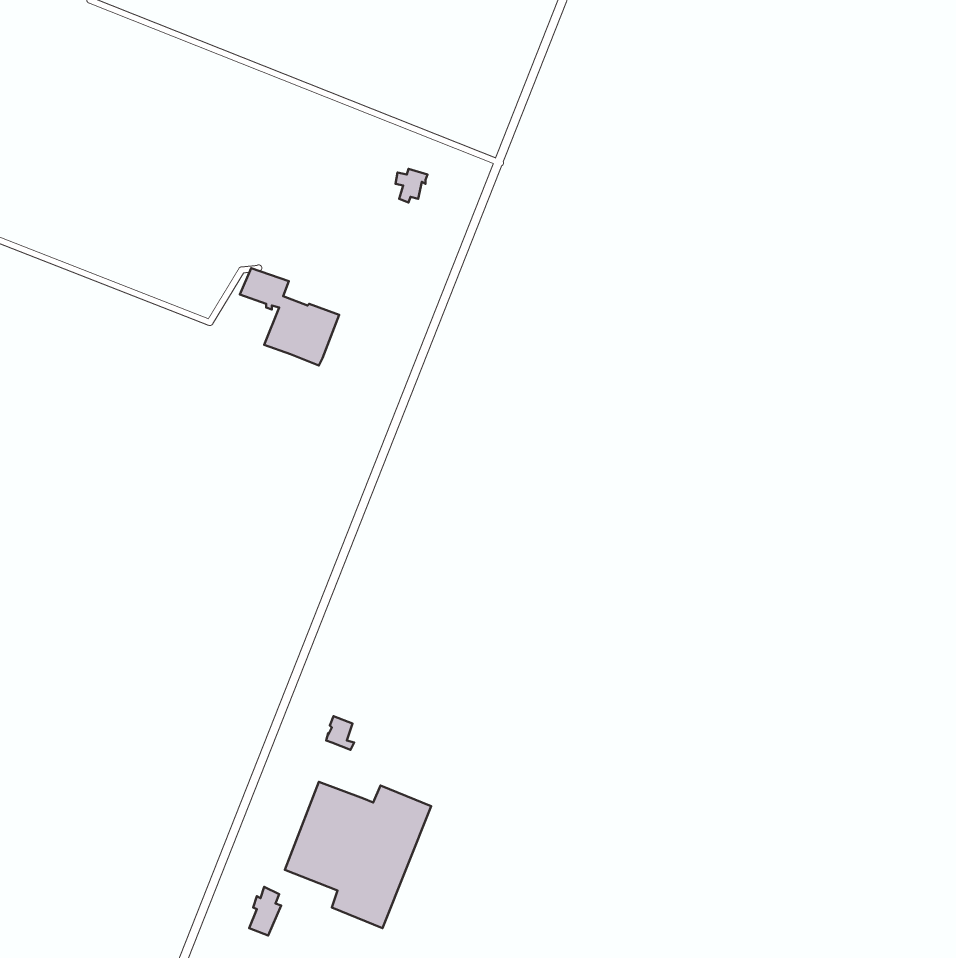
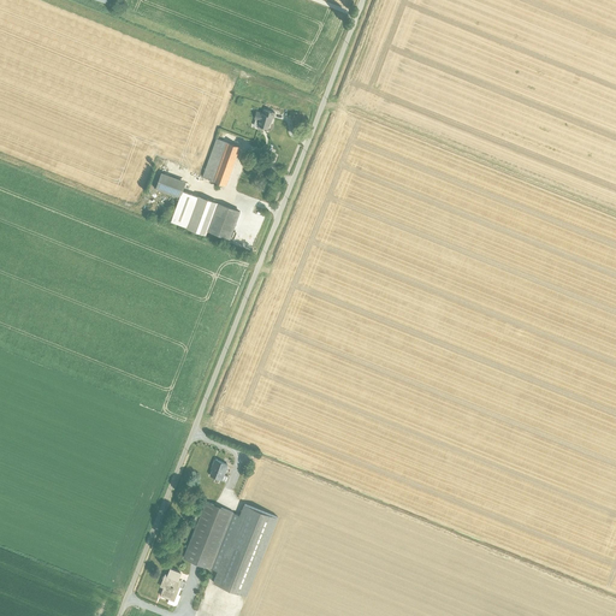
building: none -> [201,137,239,185]
building: none -> [207,202,239,238]

